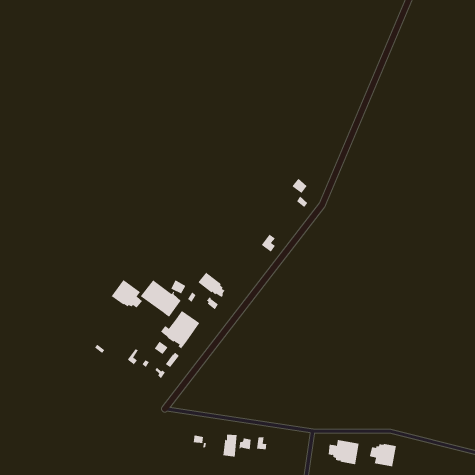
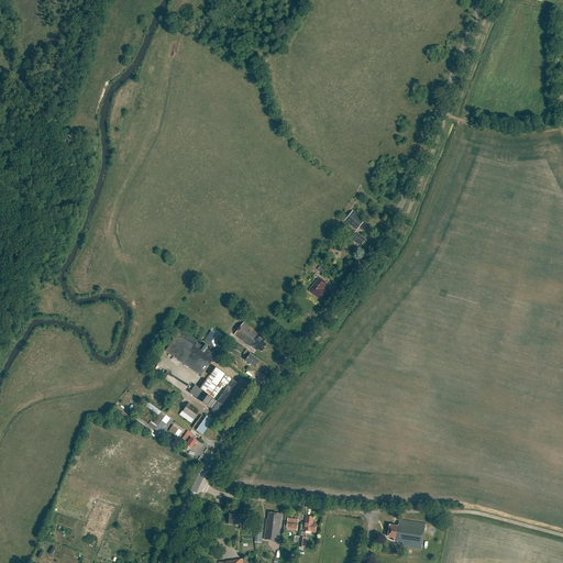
building: [111,279,143,308] -> none
building: [369,443,396,467] -> none

